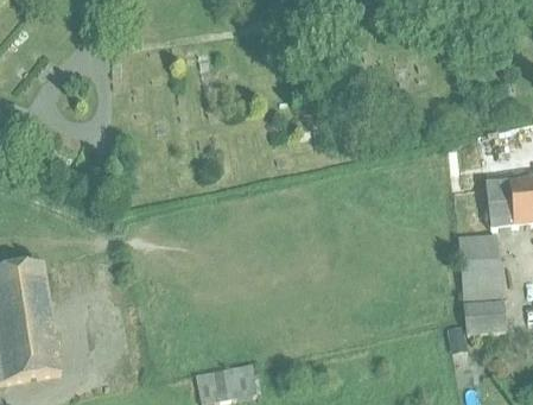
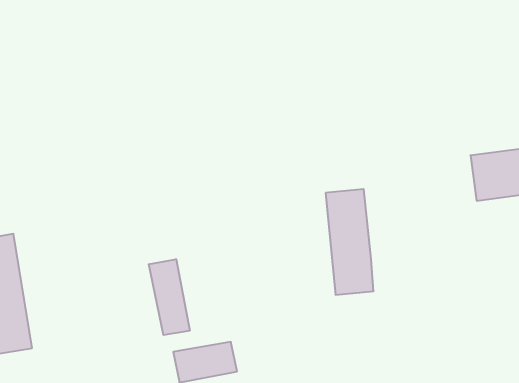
building: [457,230,503,333] -> [326,189,374,295]
building: none -> [149,259,190,335]

